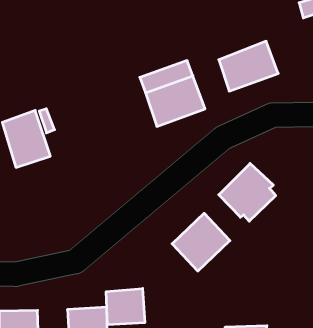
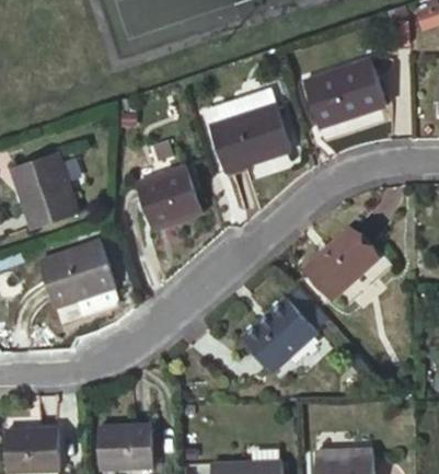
building: none -> [132,166,198,232]
building: none -> [35,242,116,317]
building: [106,288,145,325] -> none

